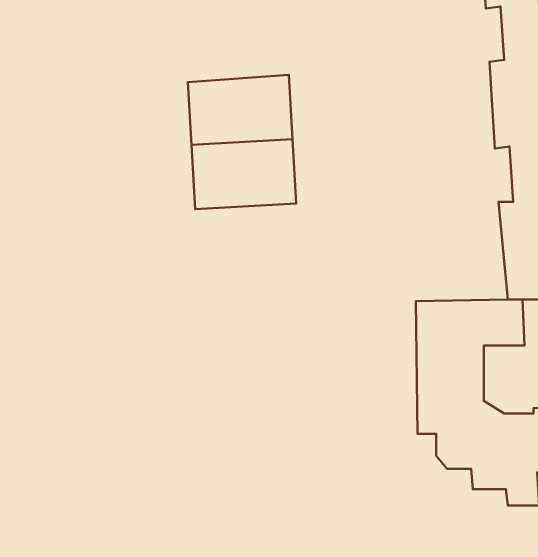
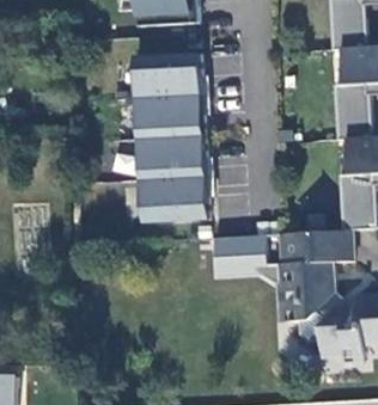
building: none -> [134,48,202,93]
building: none -> [141,172,209,216]
building: none -> [219,241,272,280]

